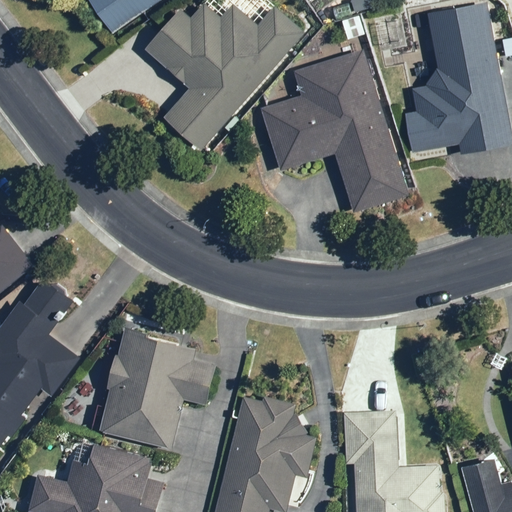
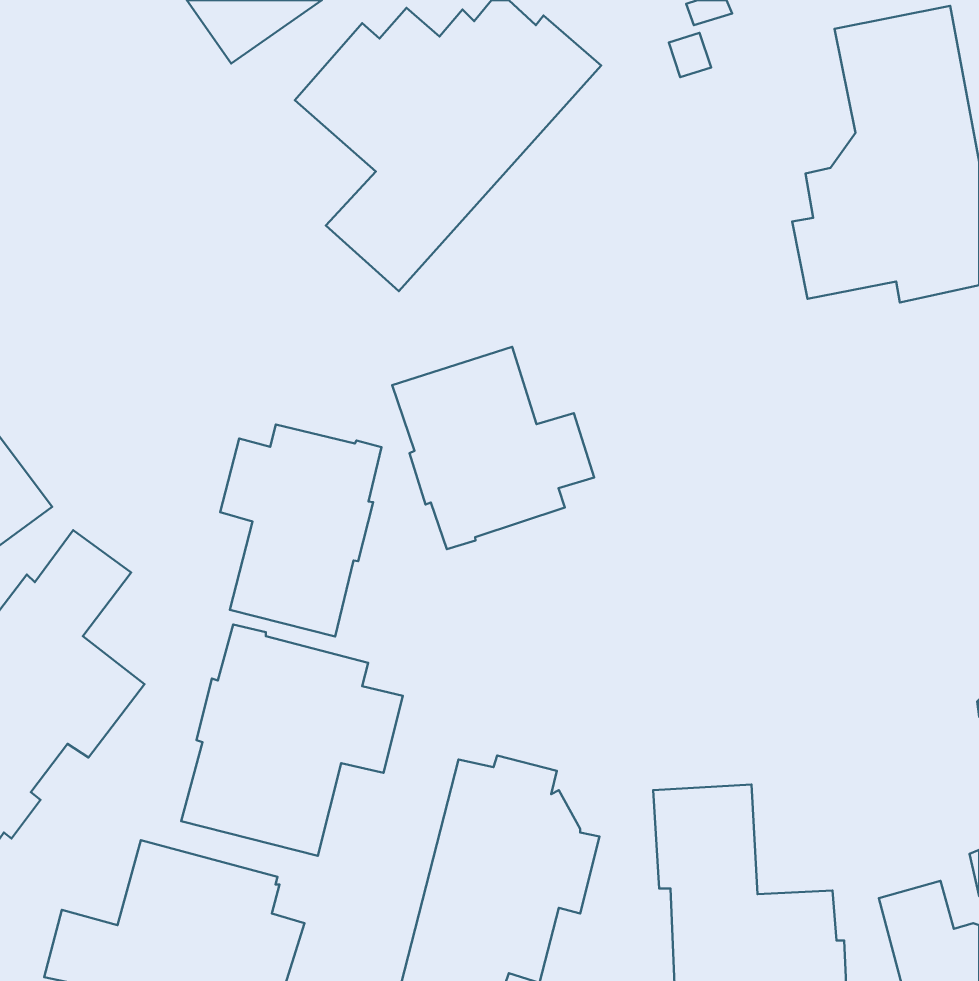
building: [268,42,417,217] -> none
building: none -> [392,347,594,549]
building: none -> [220,425,381,637]

